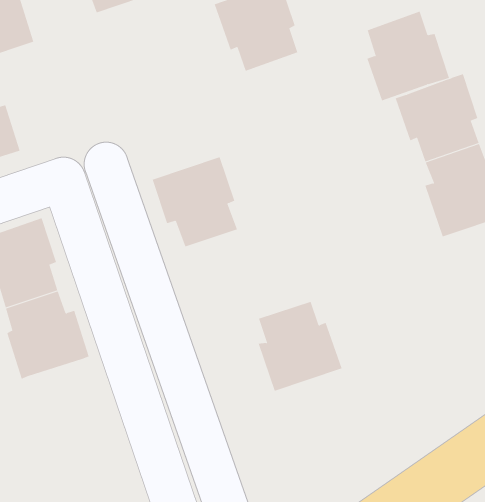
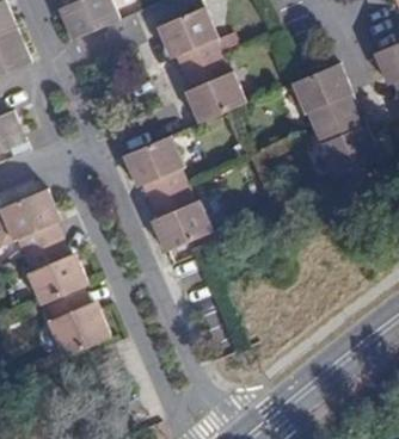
building: [366,11,450,101] -> [183,55,245,122]
building: [258,301,343,392] -> [149,185,213,252]
building: none -> [44,286,110,357]

